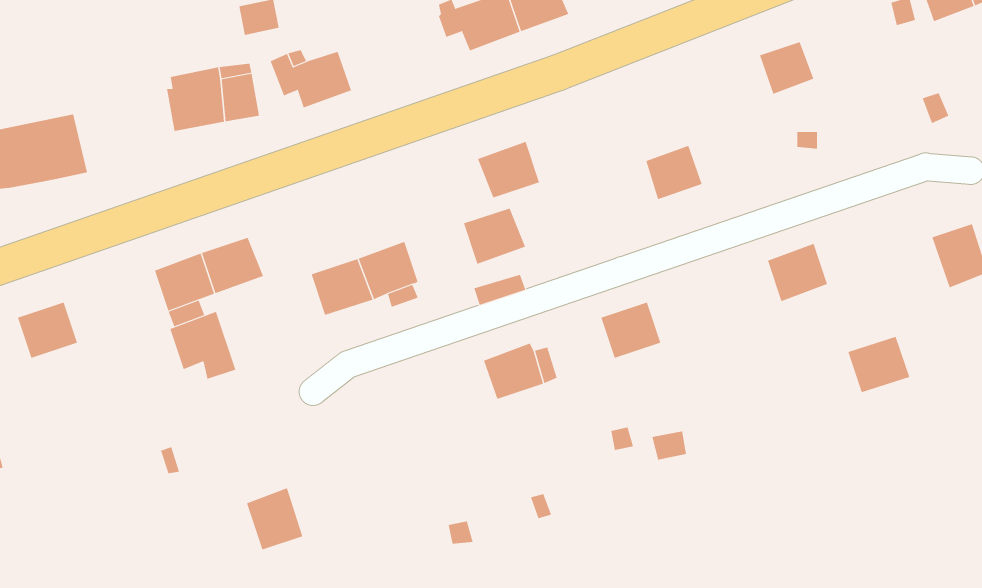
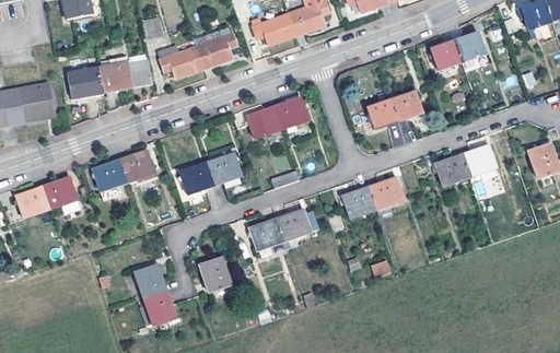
building: none -> [454,32,486,61]
building: none -> [196,33,236,68]
building: none -> [68,67,104,97]
building: none -> [392,91,422,120]
building: [463,208,526,264] -> [247,106,282,138]
building: none -> [369,177,404,209]
building: [170,311,236,380] -> [43,176,80,214]
building: [847,336,910,393] -> [462,144,497,176]
building: none -> [249,219,284,250]
building: none -> [199,256,232,292]
building: none -> [135,263,167,298]

